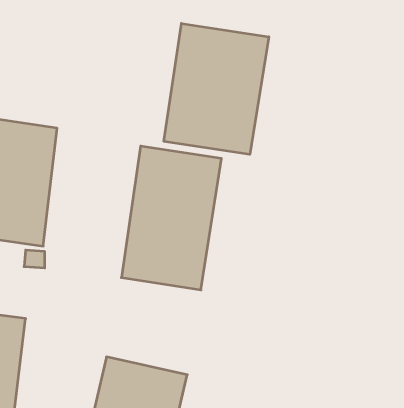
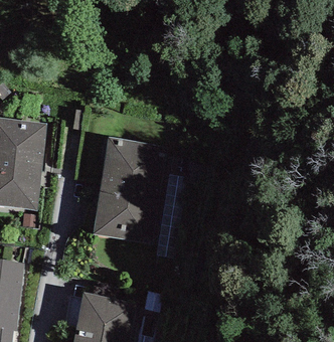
building: [164,23,269,154] -> none

